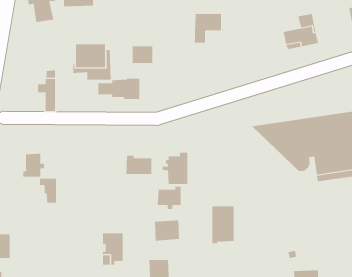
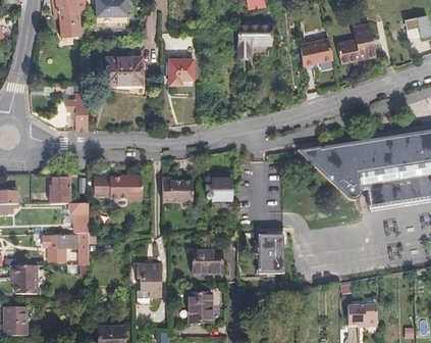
building: none -> [302,35,334,66]
building: [98,78,140,99] -> [96,176,143,199]
building: [157,186,181,210] -> none
building: none -> [45,235,88,265]

